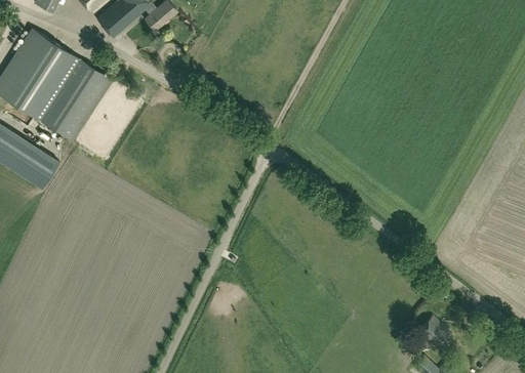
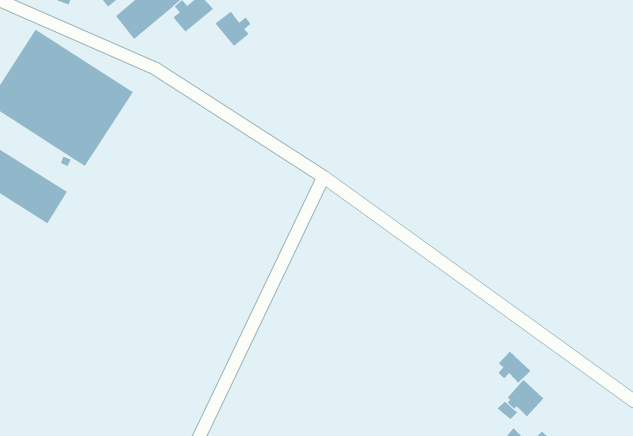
building: none -> [215,11,251,47]
building: none -> [498,351,531,383]

